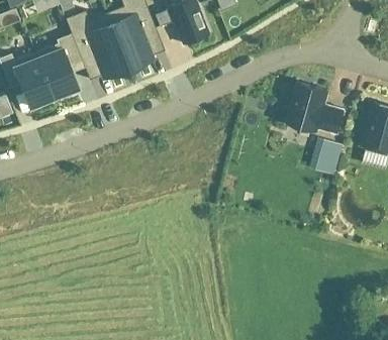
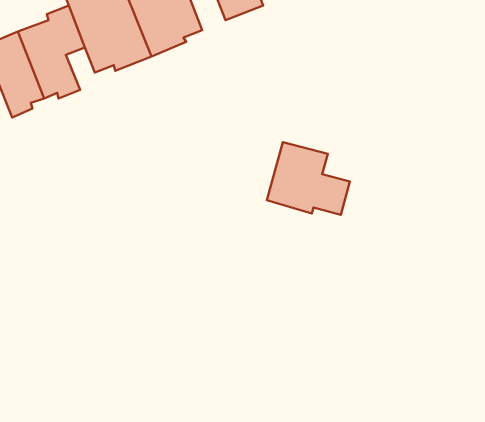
building: [286,83,344,133] -> [267,142,350,215]
building: [316,139,343,168] -> none

